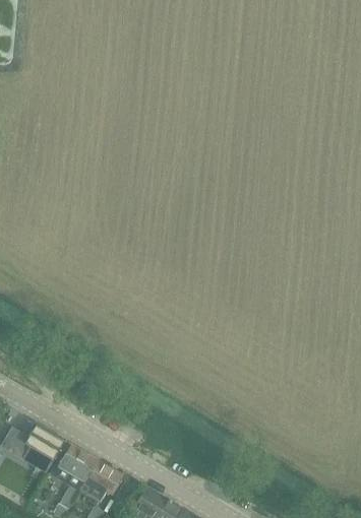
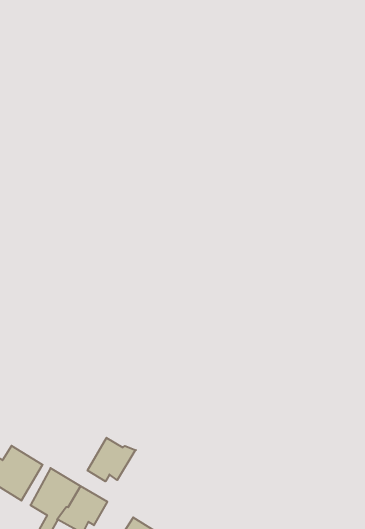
building: none -> [88,438,136,481]

